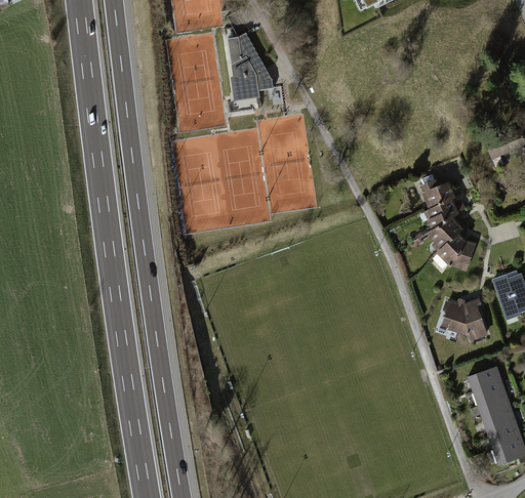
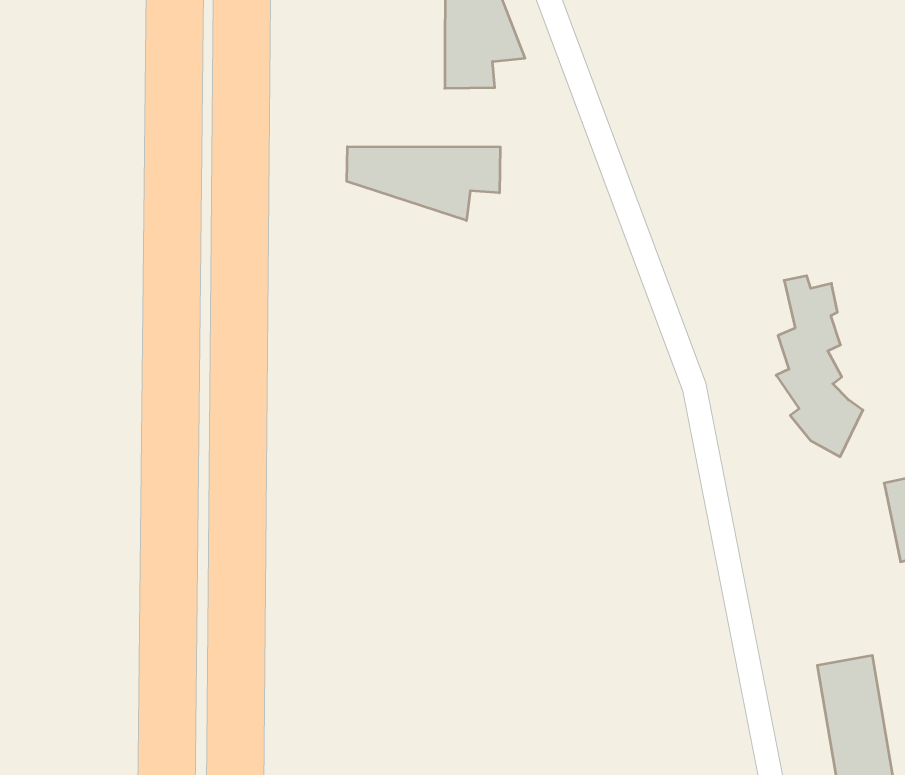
building: none -> [347,147,500,221]
building: [443,299,489,342] -> none

